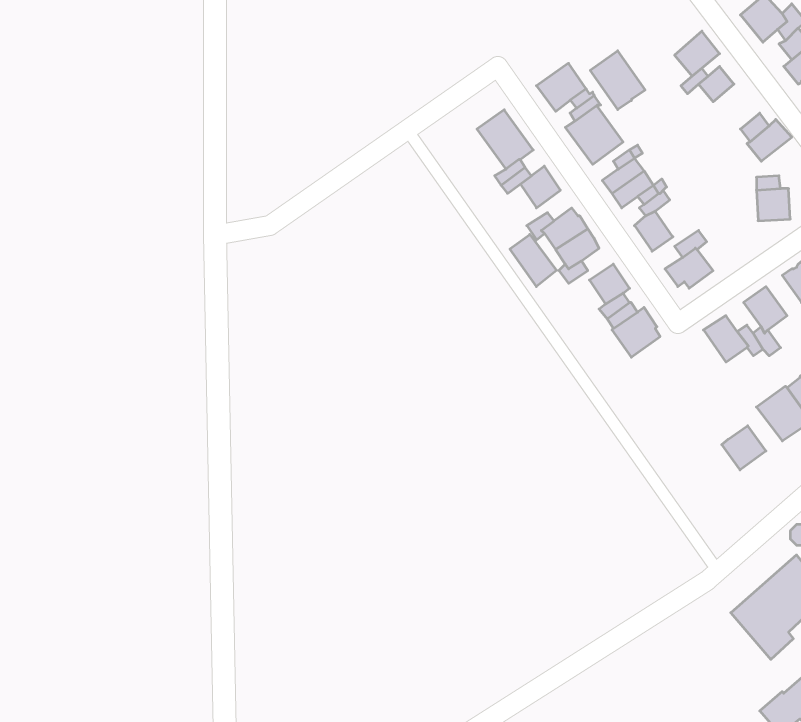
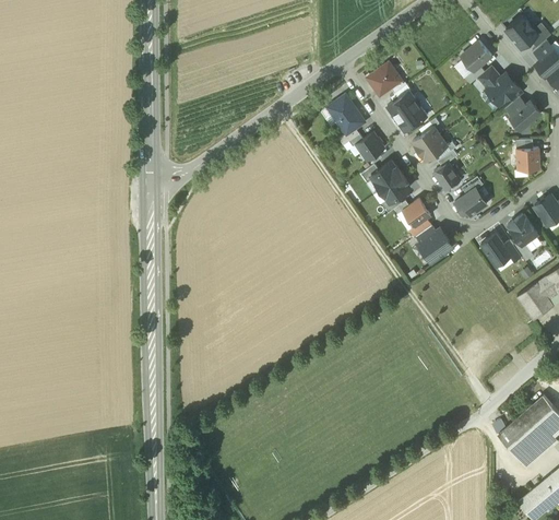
building: [590,51,645,110] -> none
building: none -> [486,73,519,105]
building: [510,234,557,287] -> none
building: [722,426,766,470] -> none

